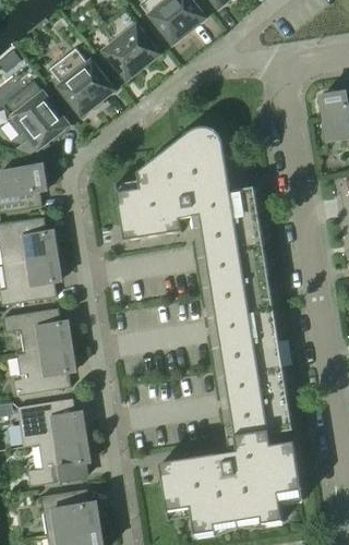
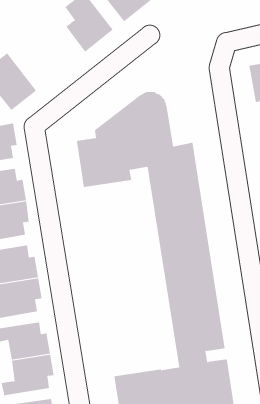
building: [50,48,116,117] -> none

